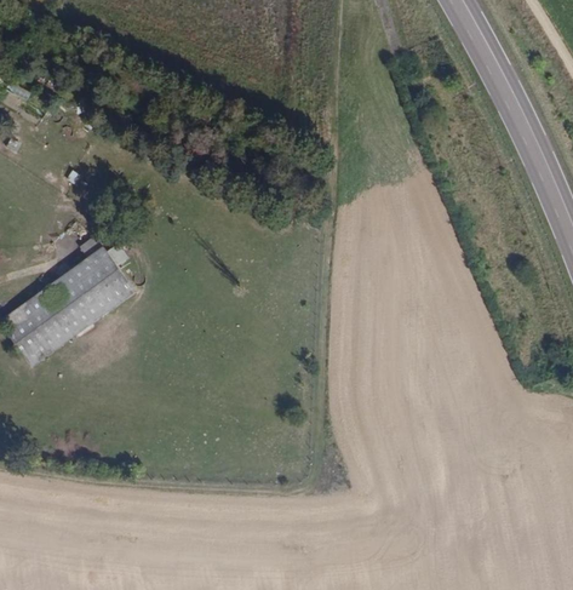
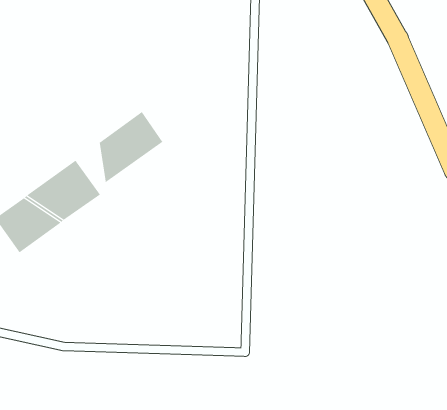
building: none -> [99,111,163,183]

